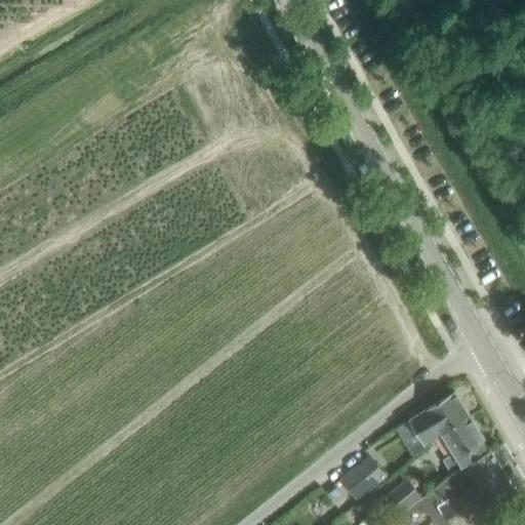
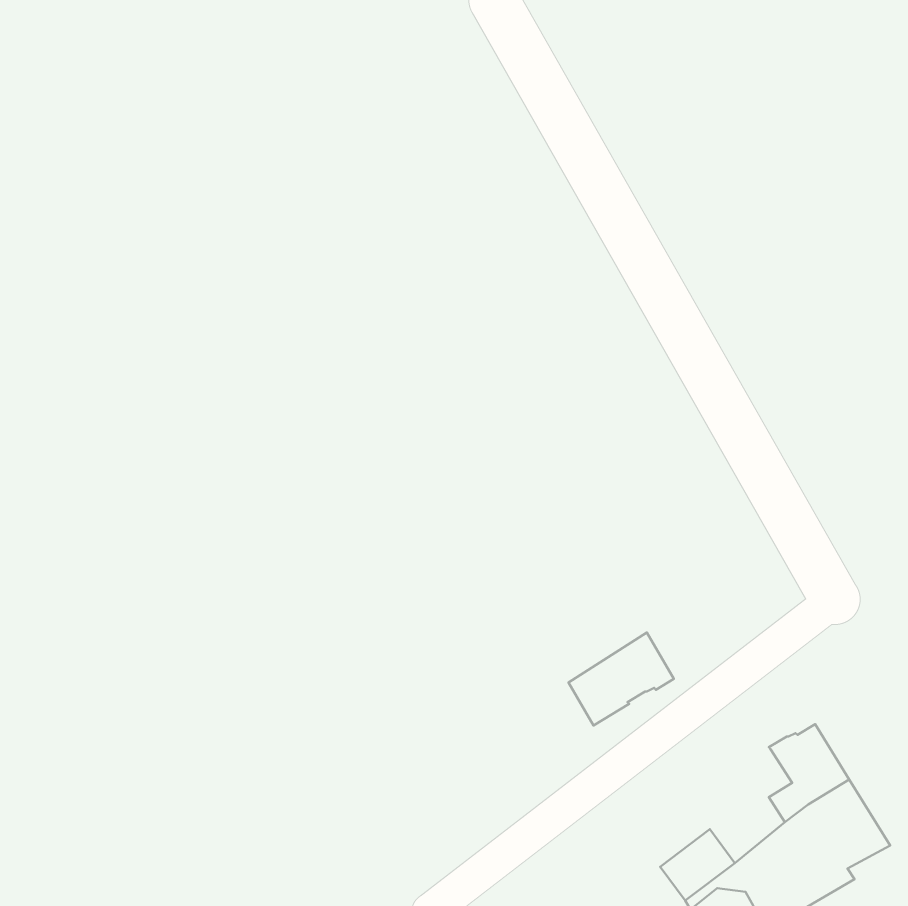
building: [408,393,469,446] -> [568,633,674,725]
building: [340,458,385,499] -> none

